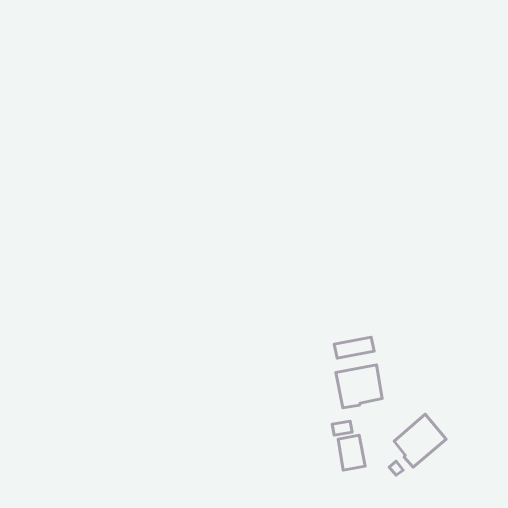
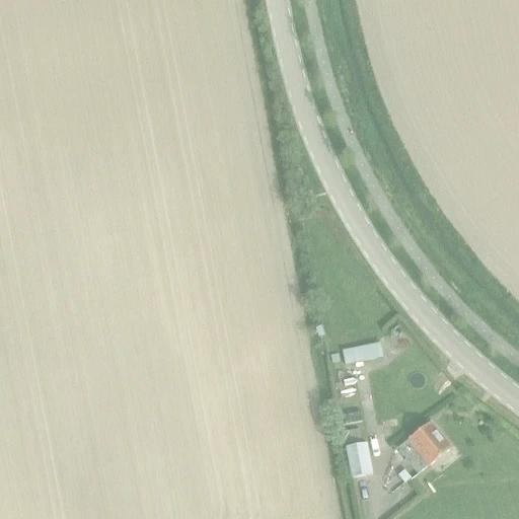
building: [336,365,382,408] -> none

